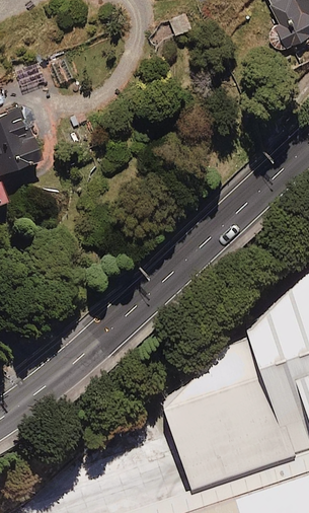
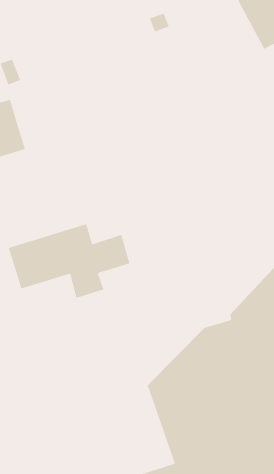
building: none -> [8,223,130,299]

